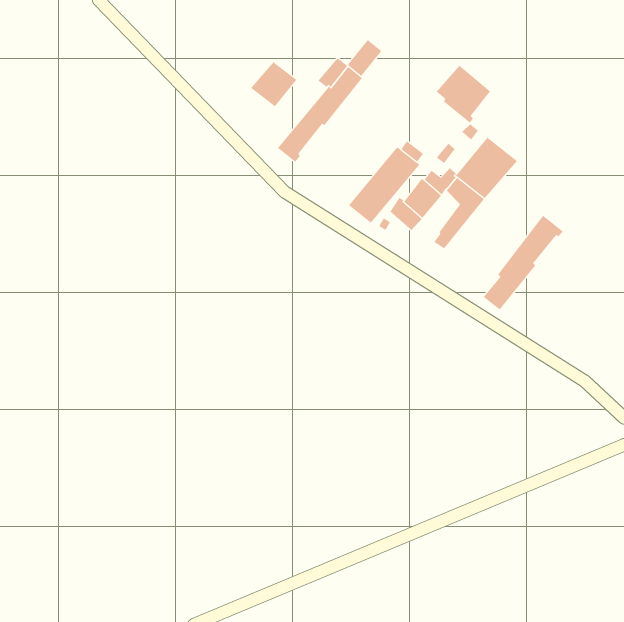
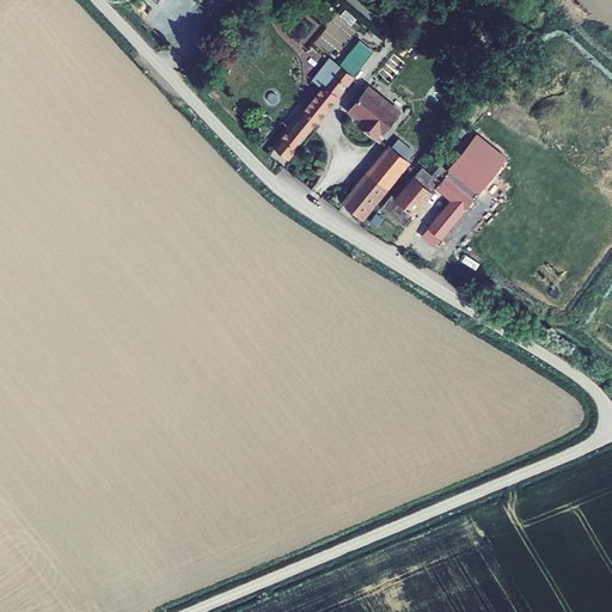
building: [251,61,297,107] -> none
building: [436,65,491,123] -> [347,86,400,143]
building: [483,215,564,310] -> none

